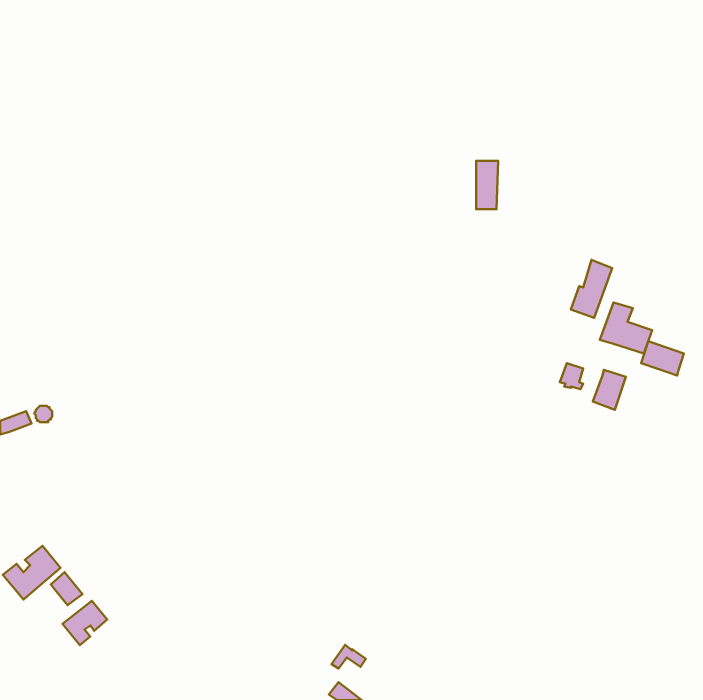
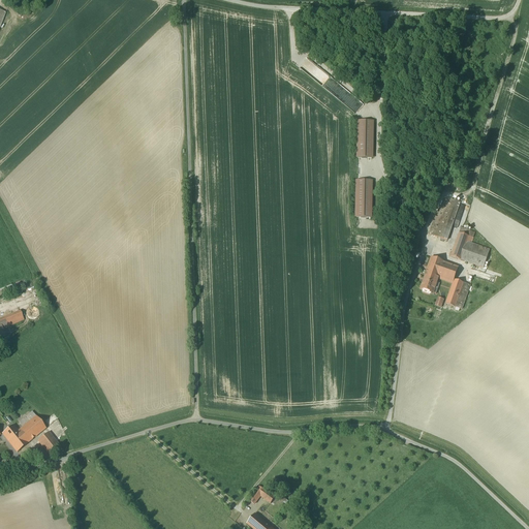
building: none -> [356,180,373,217]
building: [641,341,684,376] -> [426,256,458,282]
building: [63,601,107,645] -> none

